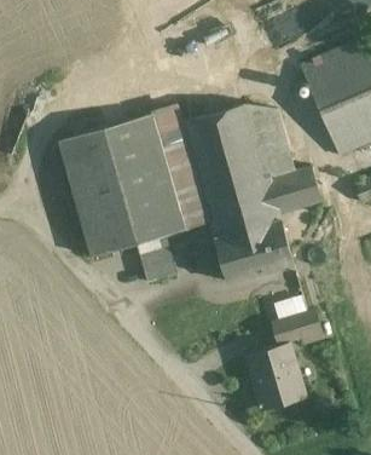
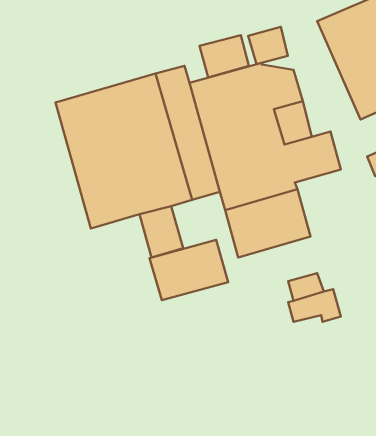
building: none -> [248,27,288,64]
building: none -> [199,35,249,78]
building: none -> [150,240,228,300]
building: [248,345,305,408] -> none

